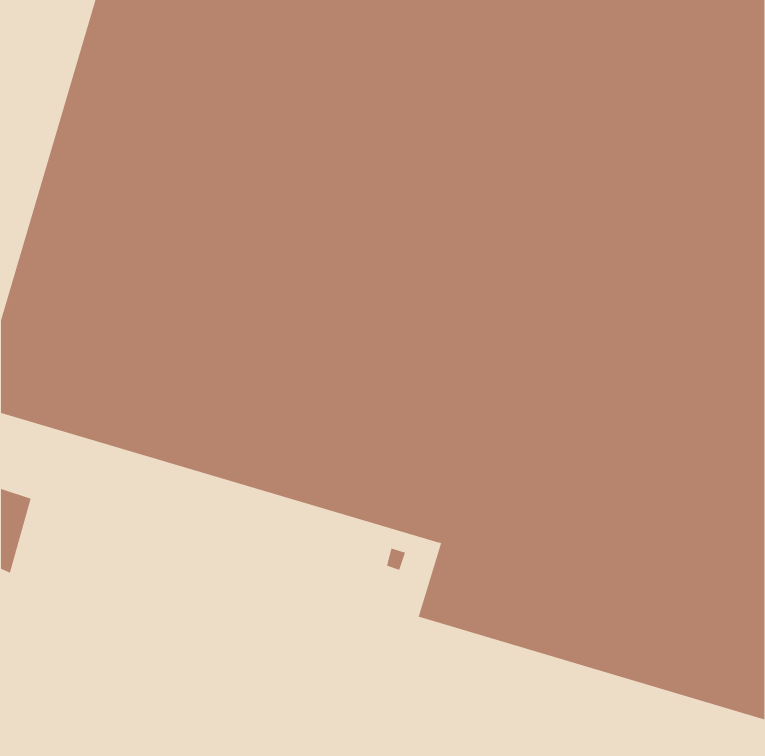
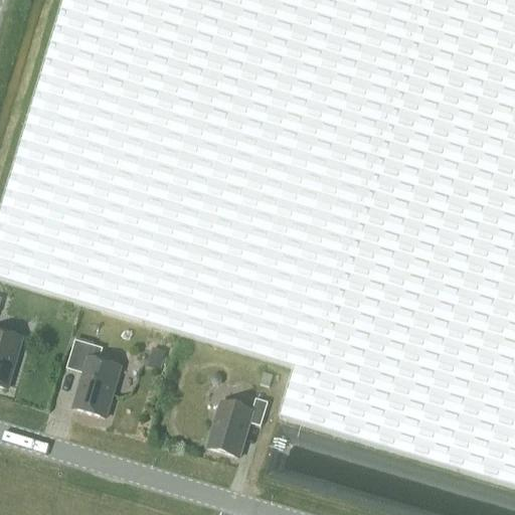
building: none -> [66,337,120,414]
building: none -> [207,395,269,455]

